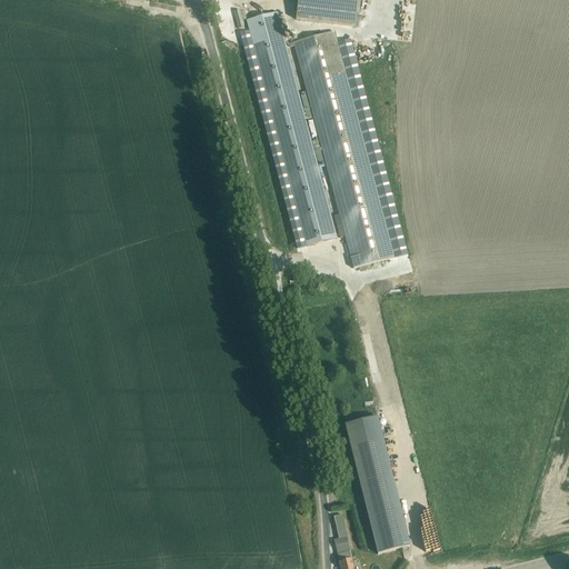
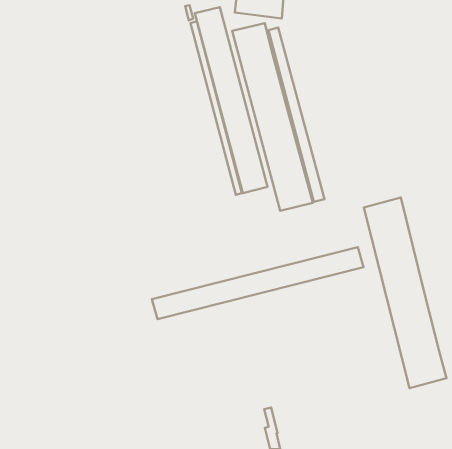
building: none -> [364,197,447,388]
building: none -> [152,247,364,319]
building: [345,416,409,551] -> none

